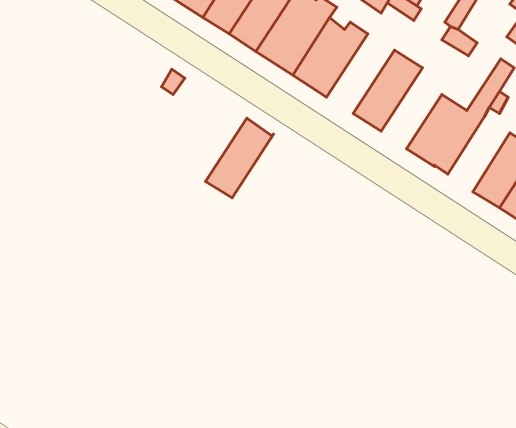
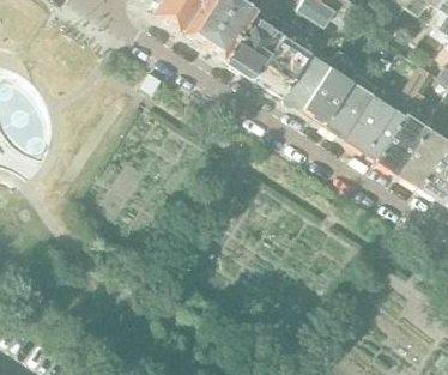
building: none -> [323,72,377,138]
building: none -> [376,111,428,173]
building: [206,118,273,198] -> [279,44,334,109]

